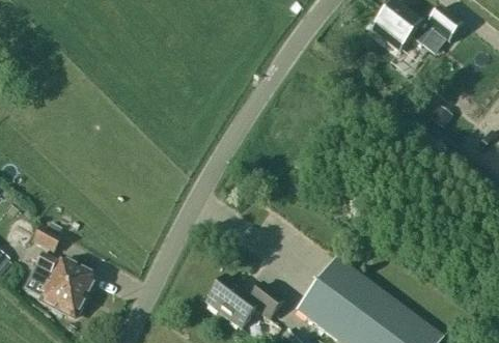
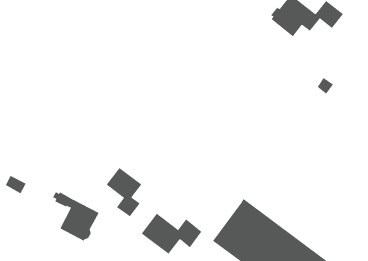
building: none -> [106,167,142,217]
building: [32,252,92,315] -> [52,192,100,242]

